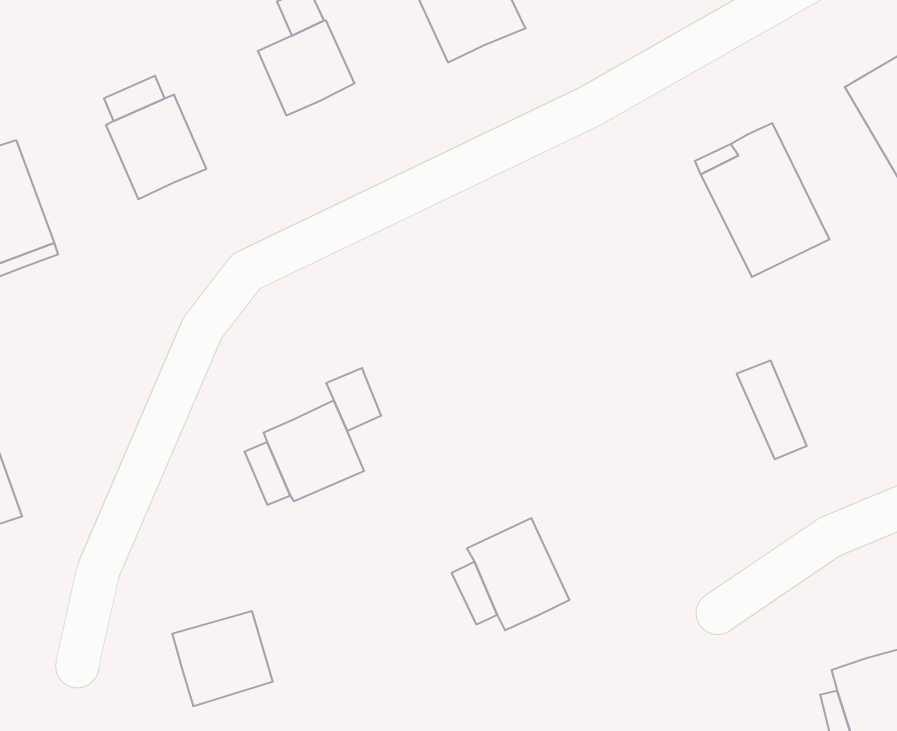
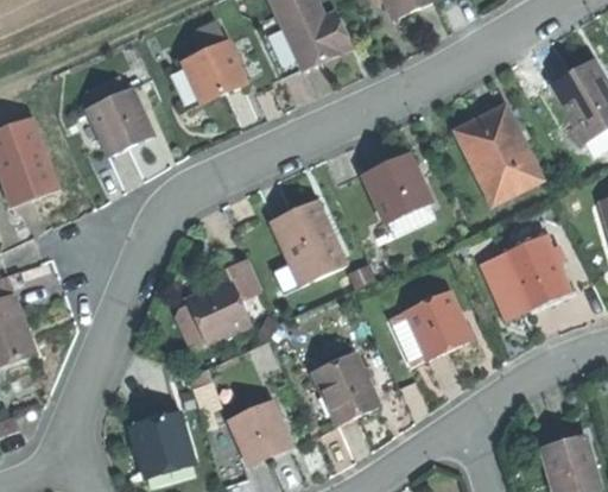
building: none -> [363,153,430,222]
building: none -> [270,200,346,285]
building: none -> [504,236,568,308]
building: none -> [405,291,469,359]
building: none -> [230,402,290,462]

